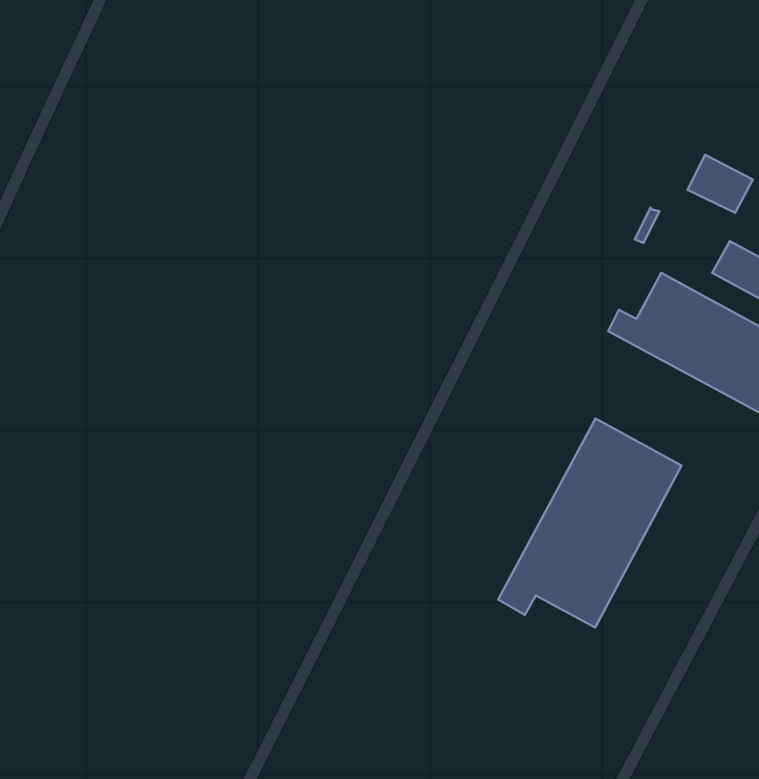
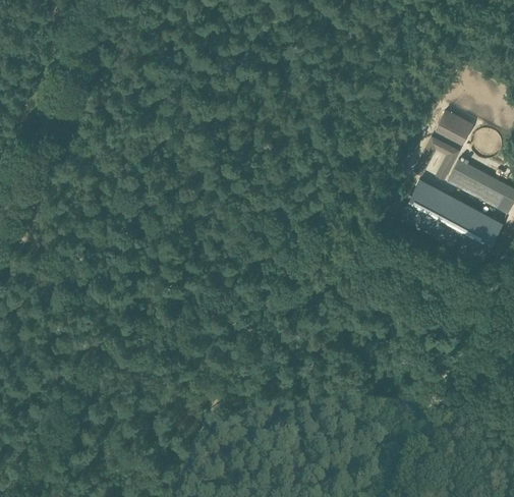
building: none -> [413,137,460,182]
building: [498,418,682,628] -> none

